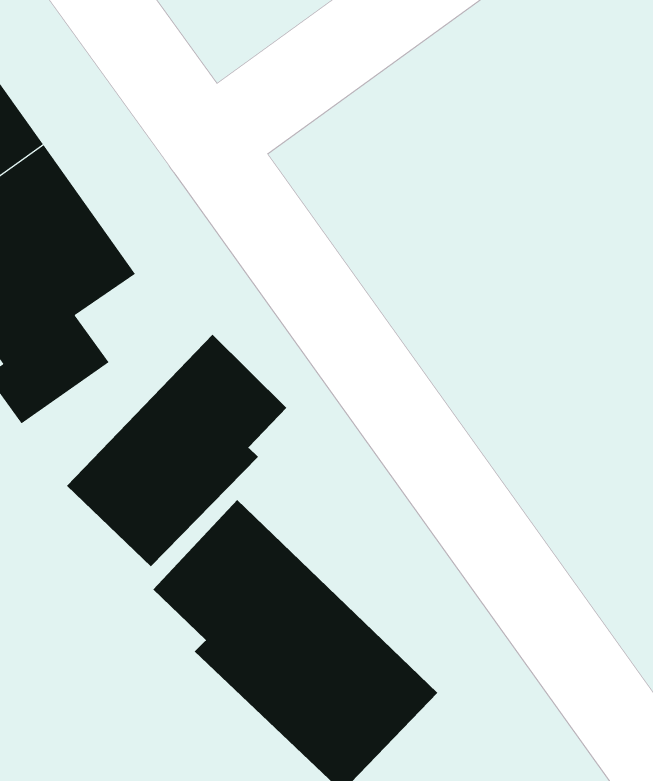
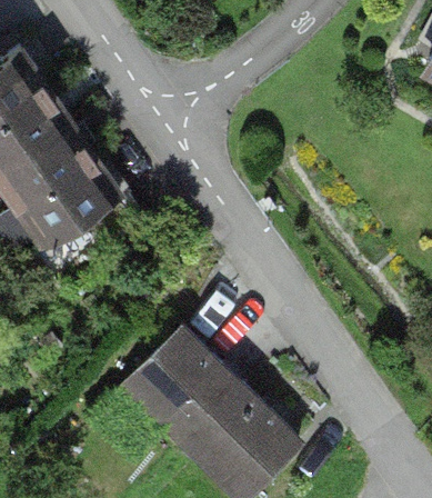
building: [66,334,287,567] -> none

